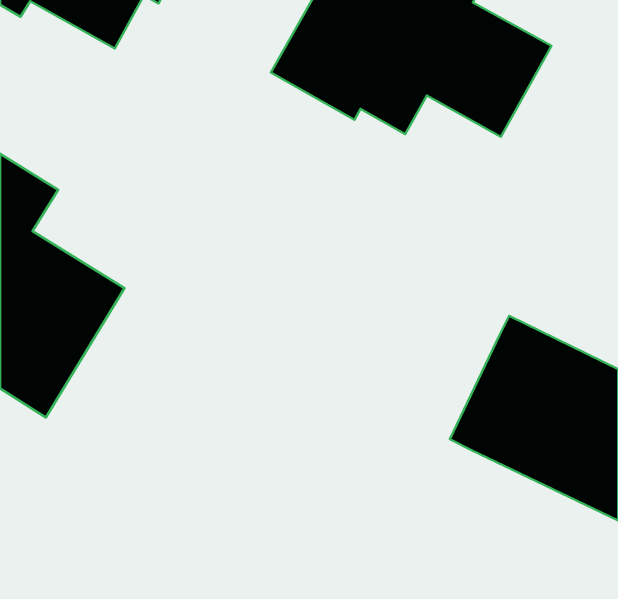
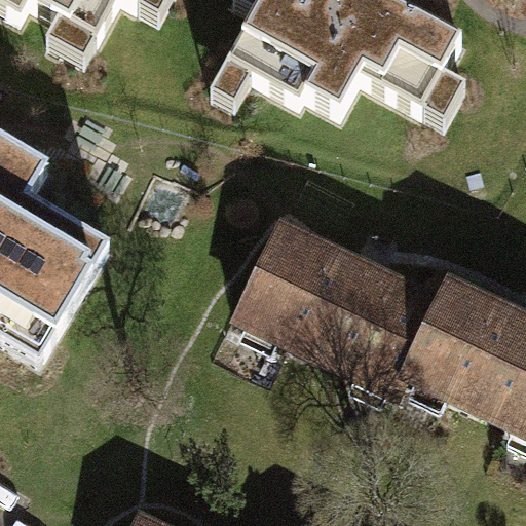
building: none -> [219,210,424,398]

